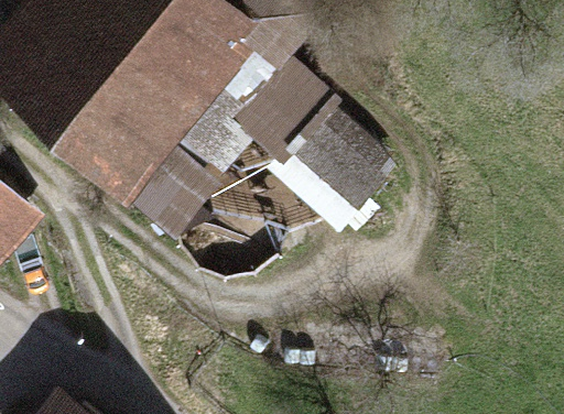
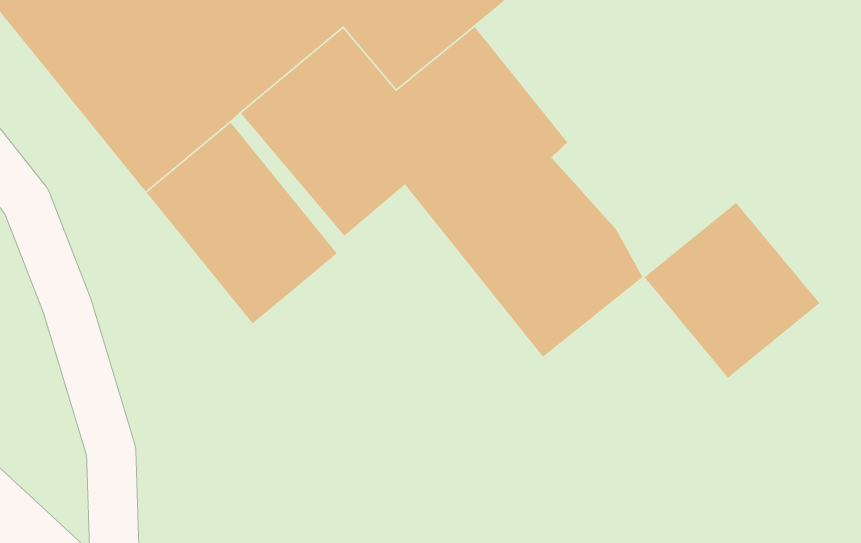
building: none -> [643,202,820,379]

